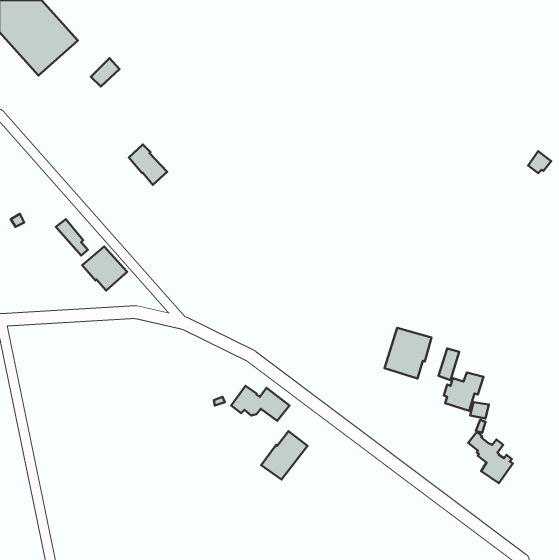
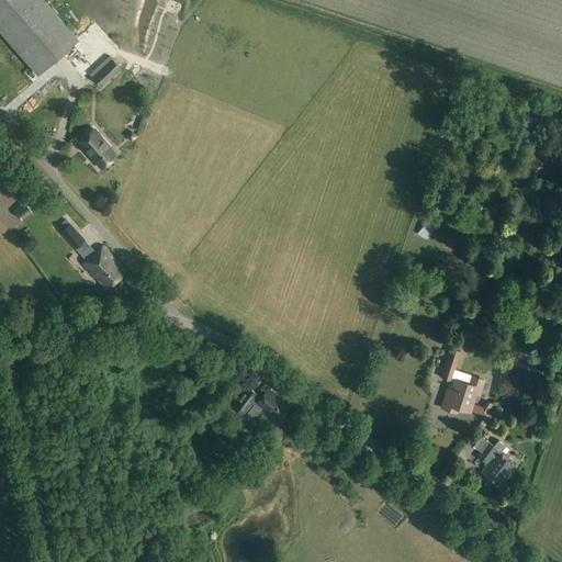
building: [129,144,167,185] -> [77,125,115,166]
building: [384,328,432,378] -> none
building: [261,431,308,480] -> none

